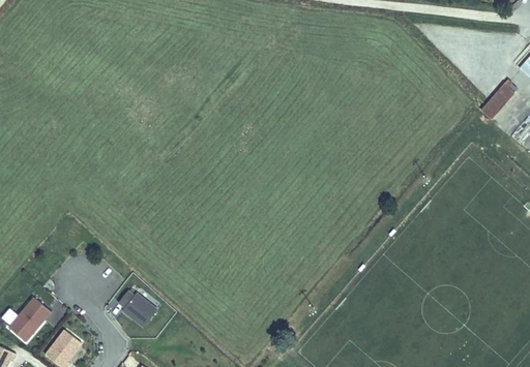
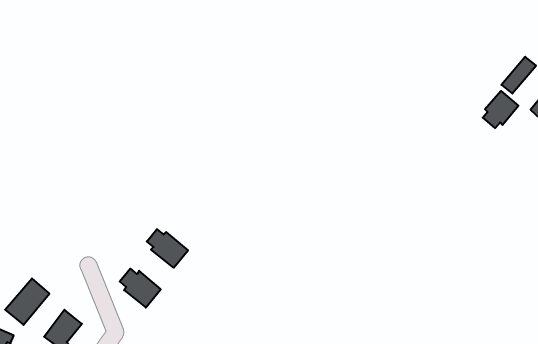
building: none -> [483,91,518,128]
building: none -> [147,229,188,268]

